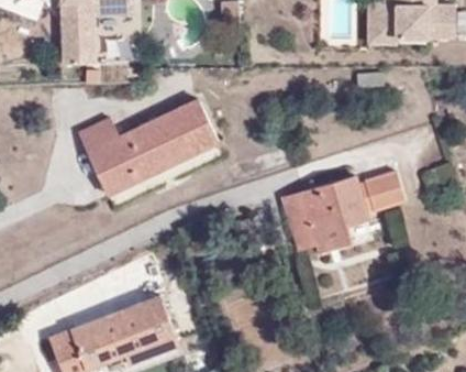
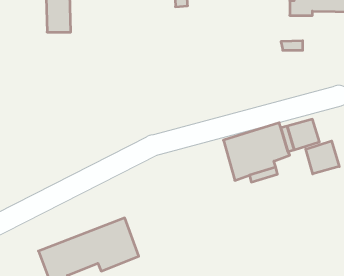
building: [79,100,219,194] -> none
building: none -> [306,141,339,174]

